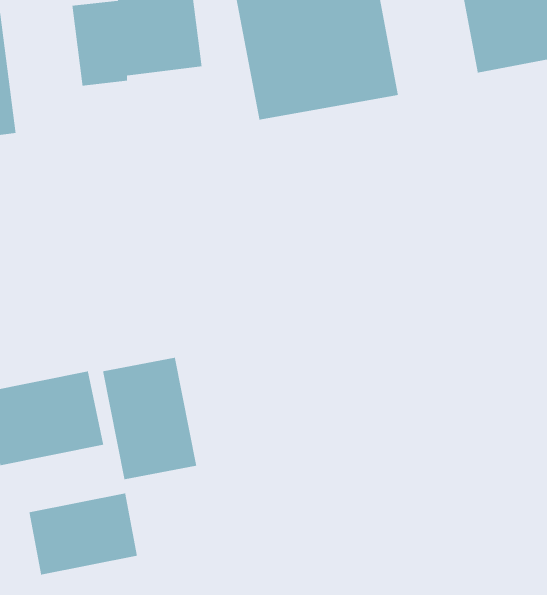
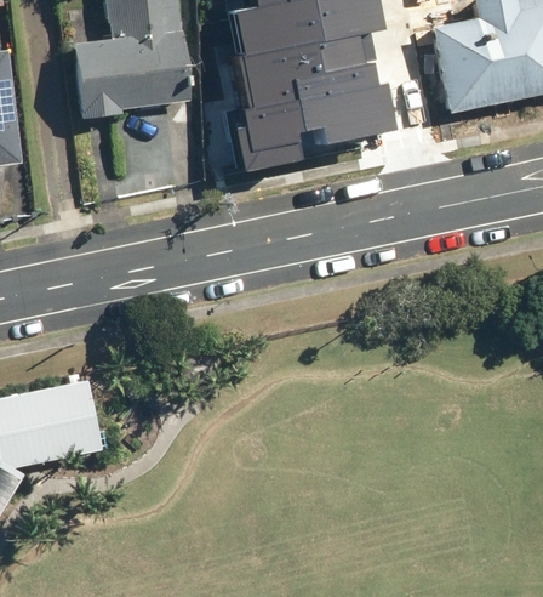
building: [102,357,197,480] -> none
building: [28,492,138,576] -> none

